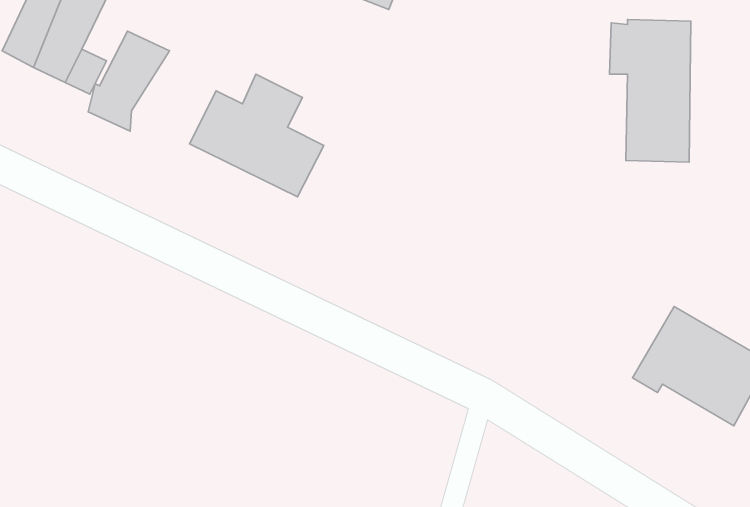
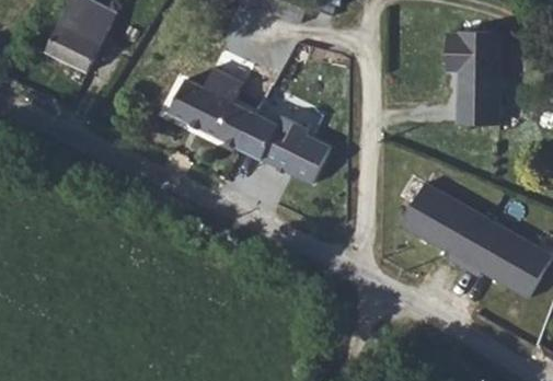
building: [88,31,169,131] -> none
building: none -> [240,114,330,184]
building: none -> [400,183,488,267]

